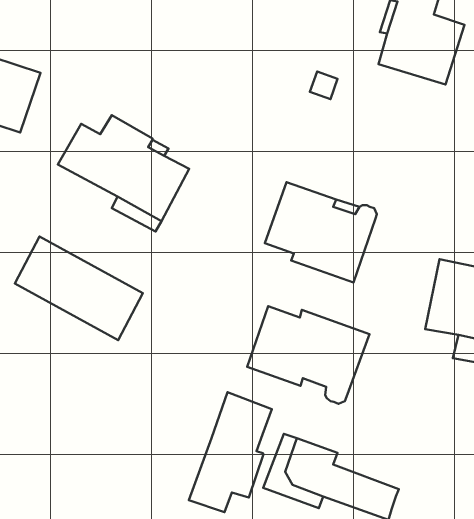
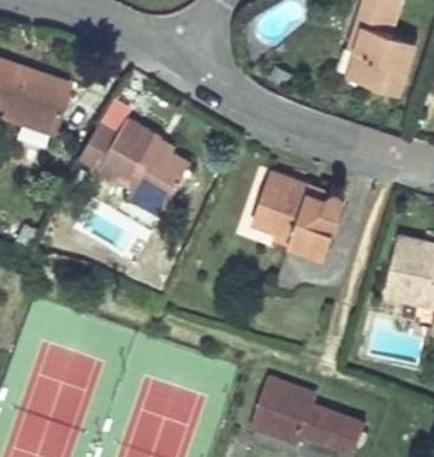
building: [15,236,143,340] -> none
building: [247,306,369,404] -> none
building: [189,392,272,512] -> none

